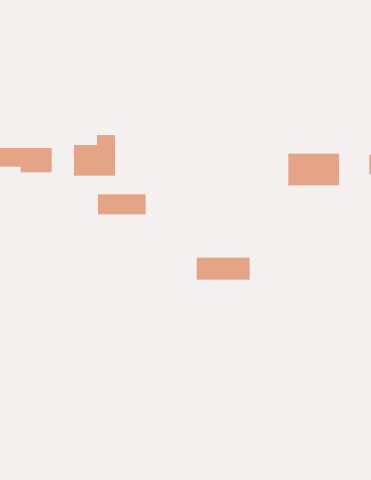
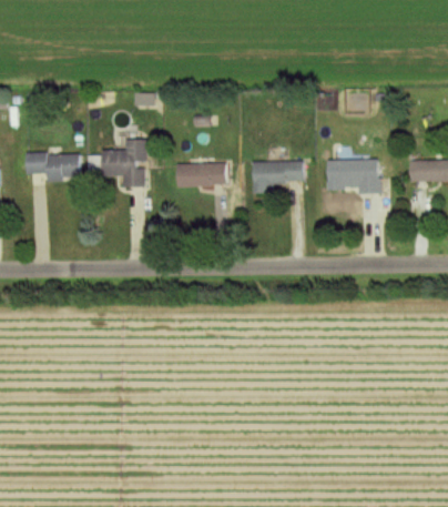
building: [97,194,146,215] -> [177,163,227,184]
building: [196,257,250,280] -> [250,161,305,184]

